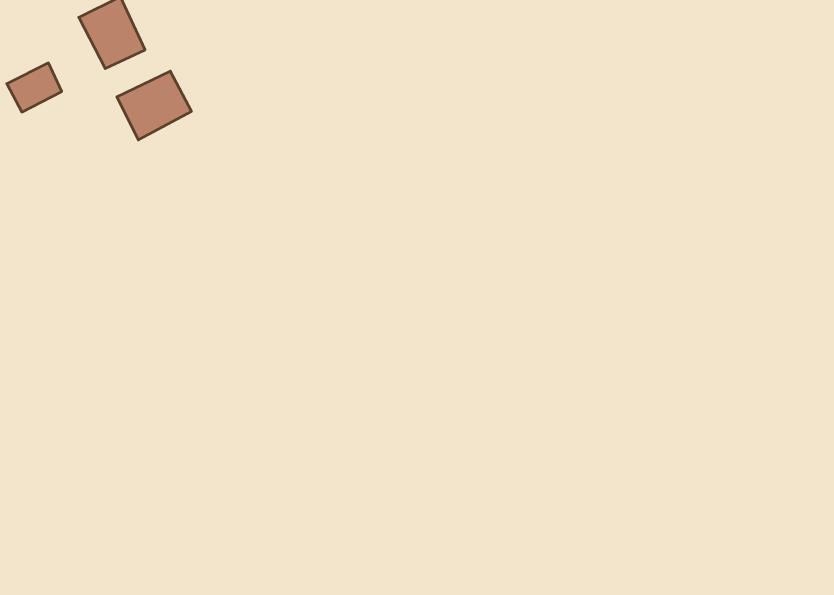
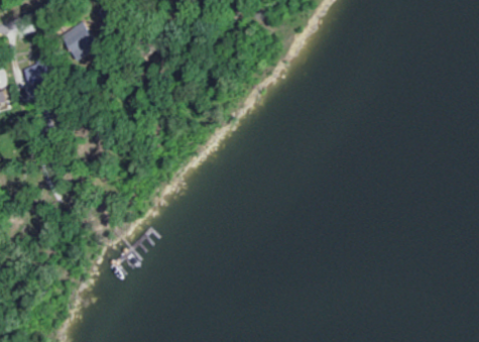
building: [117,71,191,140] -> none

